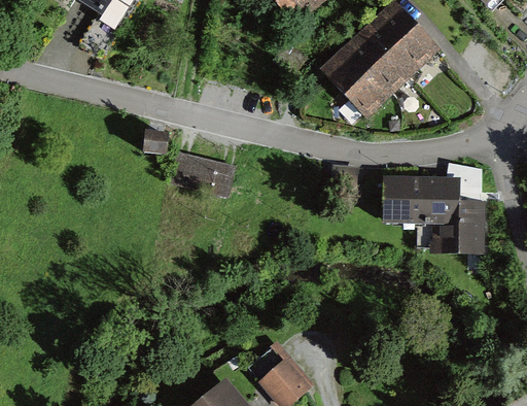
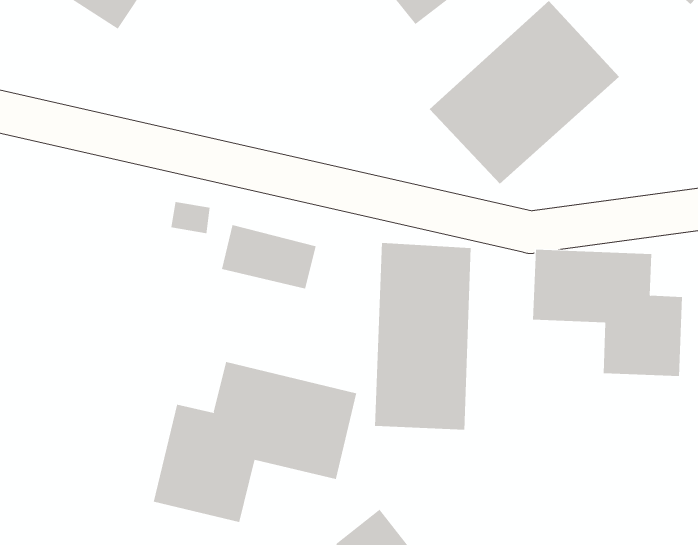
building: none -> [374,242,471,431]
building: none -> [153,361,357,523]

